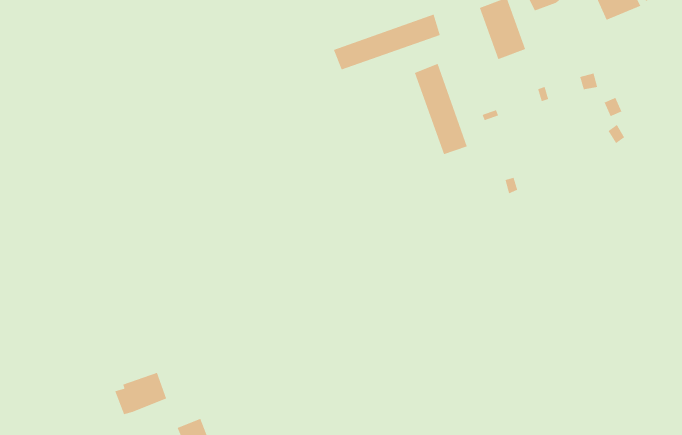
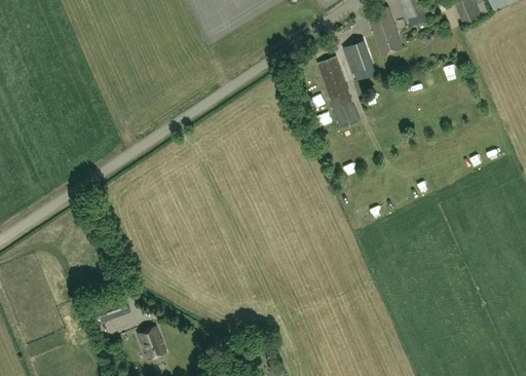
building: [333,14,441,71] -> none
building: none -> [343,41,373,74]

